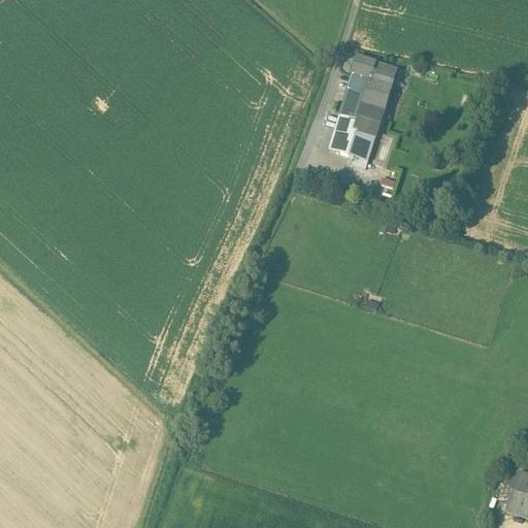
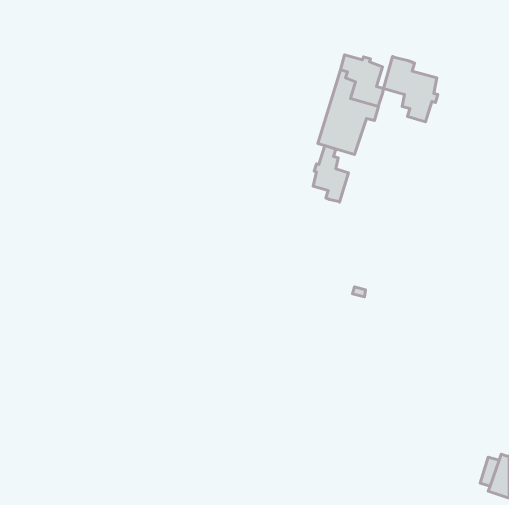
building: none -> [383,57,438,122]
building: none -> [313,146,349,202]

